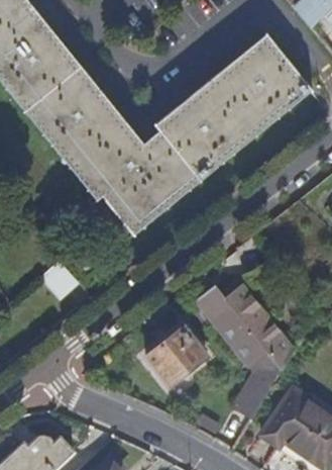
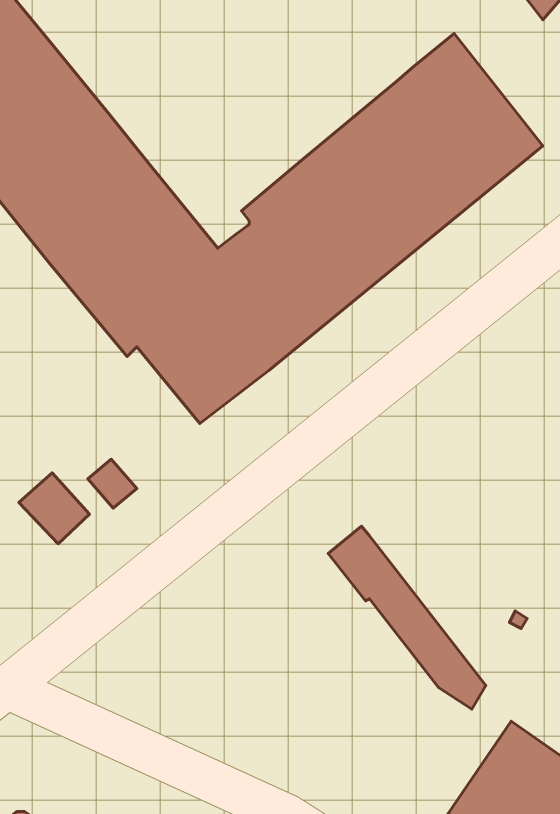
building: [221,282,293,369] -> none
building: [146,326,206,384] -> none
building: [233,370,273,416] -> none

